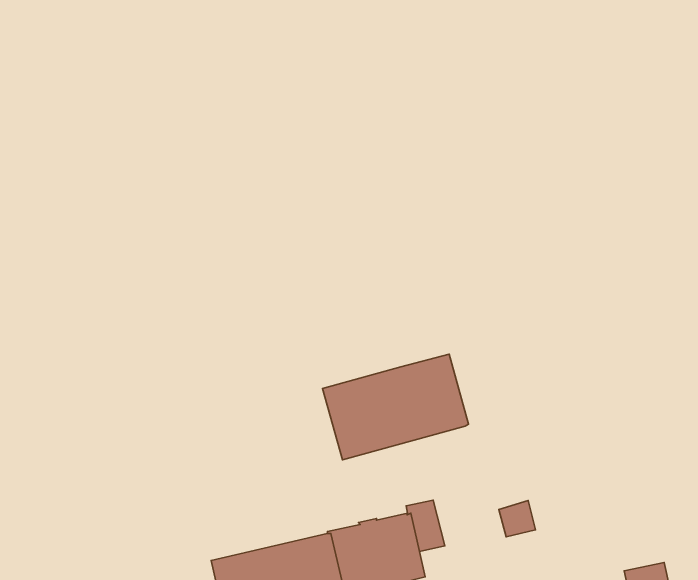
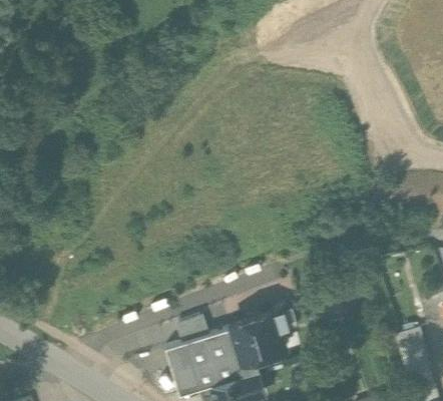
building: [322,354,468,460] -> none

